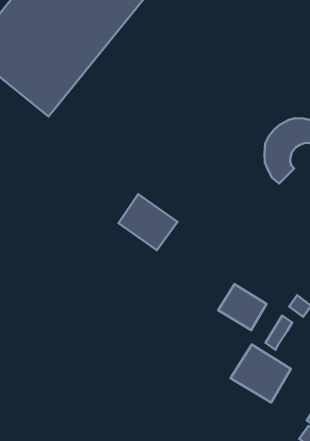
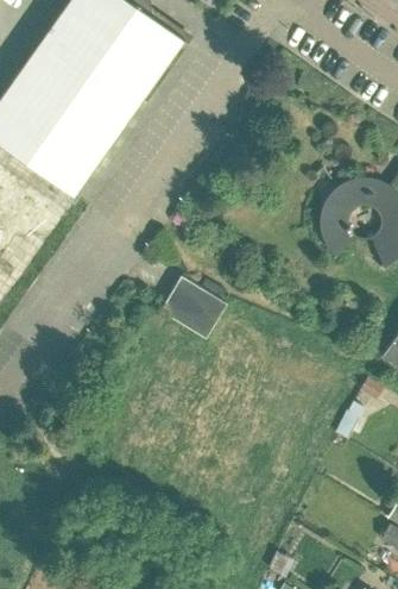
building: [218,284,267,330] -> none
building: [231,345,291,403] -> none

